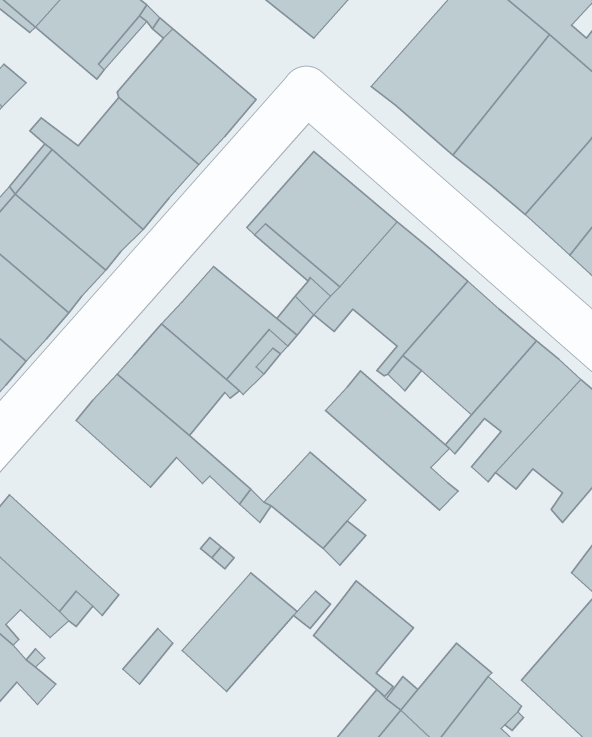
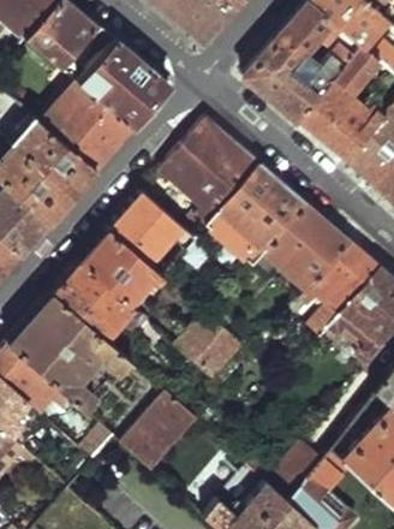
building: [325,371,458,510] -> none
building: none -> [10,293,127,410]
building: [314,581,414,697] -> none

